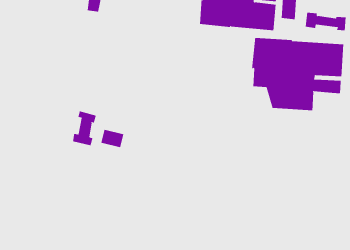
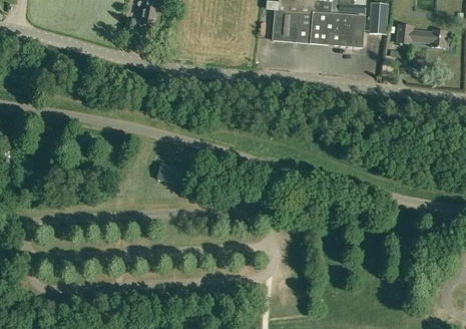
building: [252,37,344,111] -> none
building: [73,110,96,146] -> none

